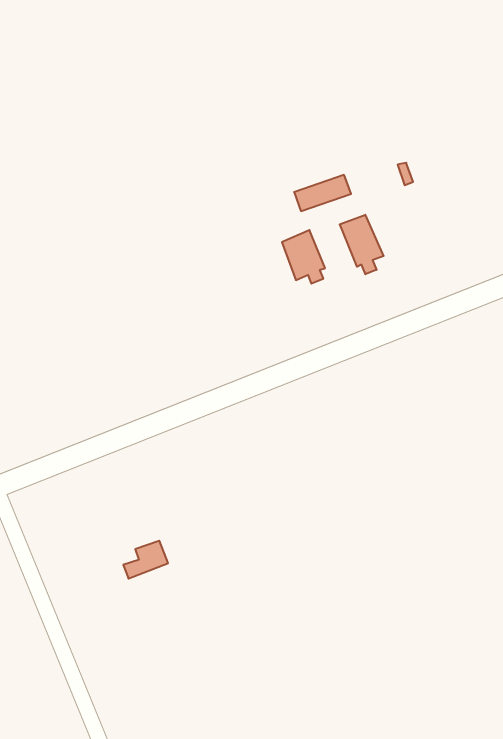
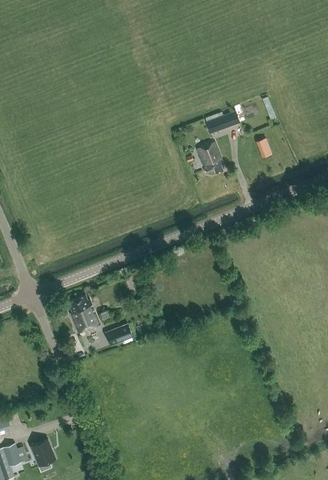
building: [340,215,384,274] -> none
building: none -> [67,297,97,334]

